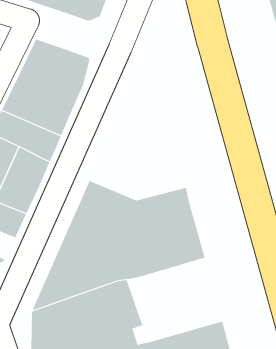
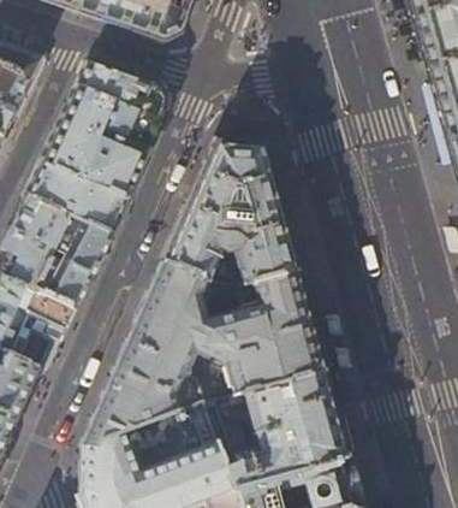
building: none -> [161,141,297,289]
building: none -> [214,370,347,486]

